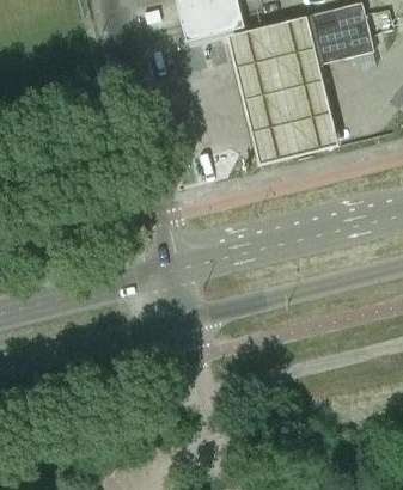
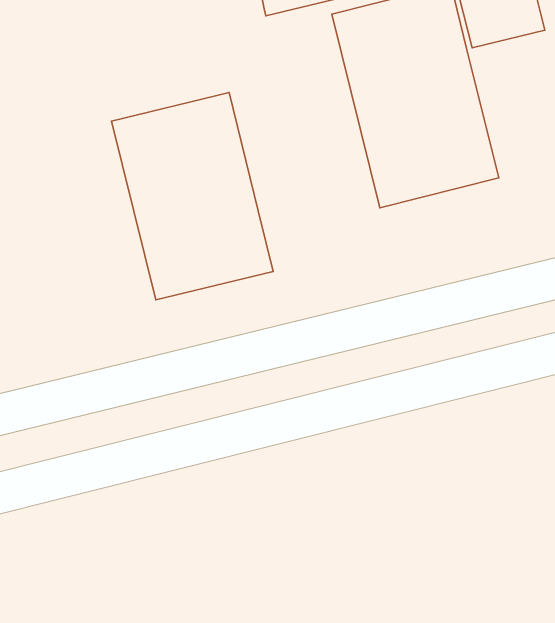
building: none -> [111,93,273,300]

